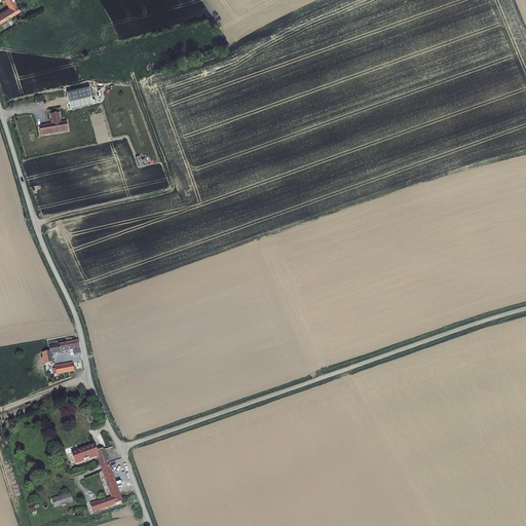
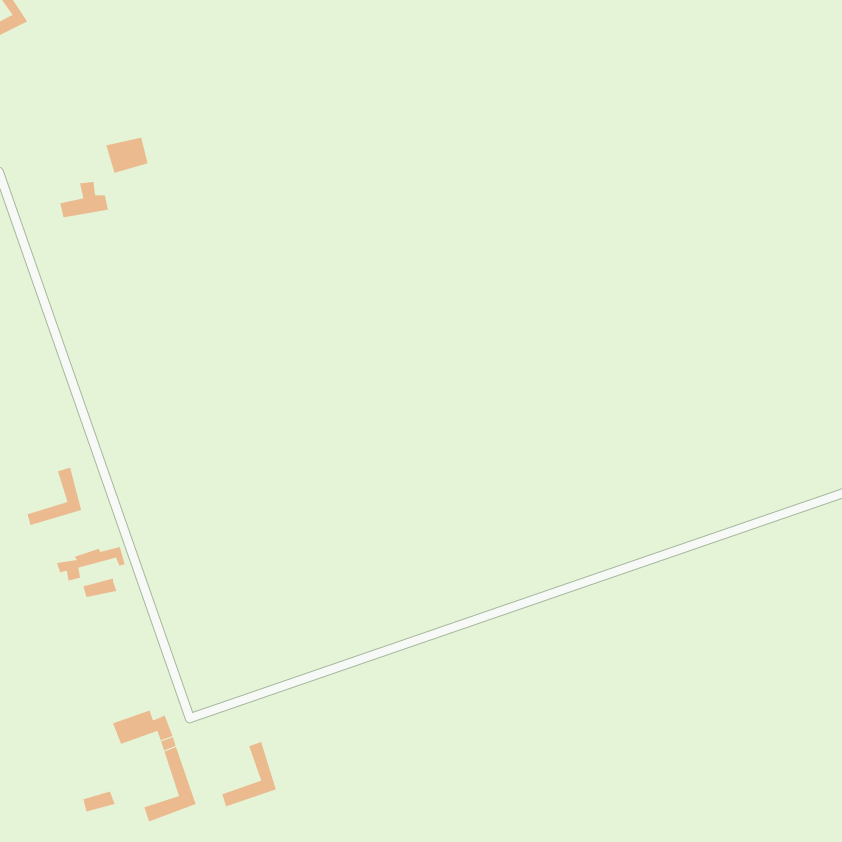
building: none -> [27,467,82,526]
building: none -> [222,741,277,807]

